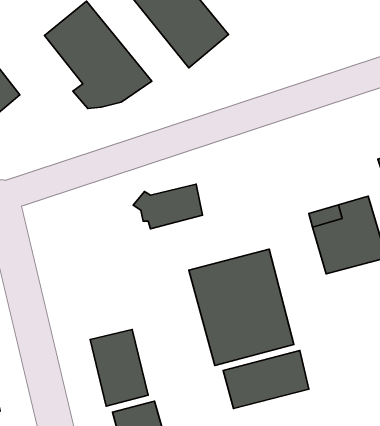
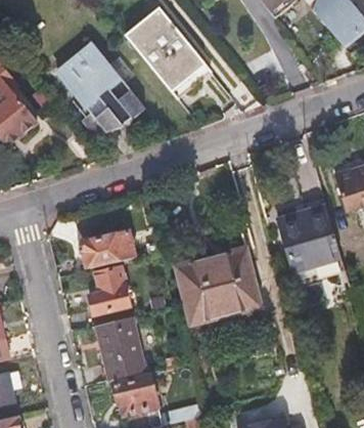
building: [133,184,202,229] -> [76,230,133,267]
building: none -> [88,266,128,313]
building: [223,350,309,408] -> none

